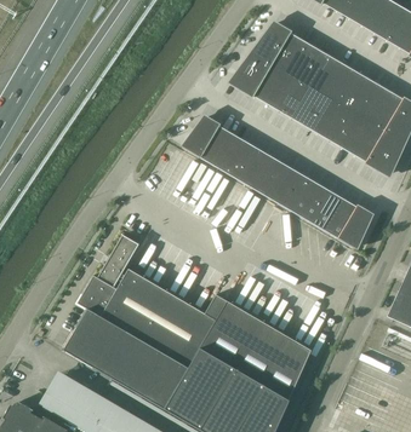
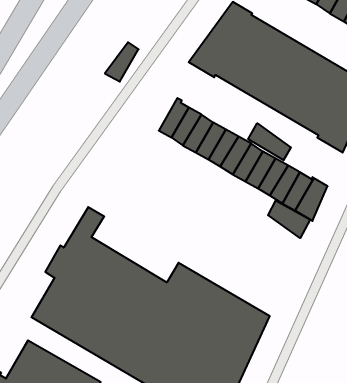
building: [181,115,216,156] -> [105,42,139,82]
building: none -> [248,123,291,160]
building: none -> [268,201,310,238]

